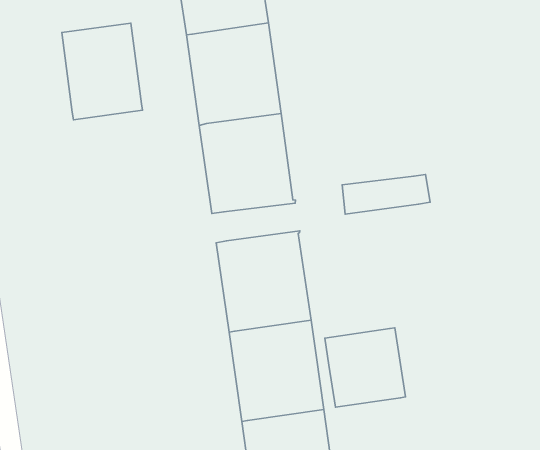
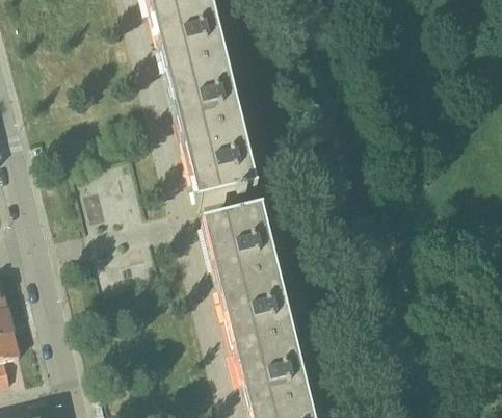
building: [62,23,142,120] -> none
building: [342,174,430,214] -> [207,187,271,221]
building: [325,328,405,407] -> none

